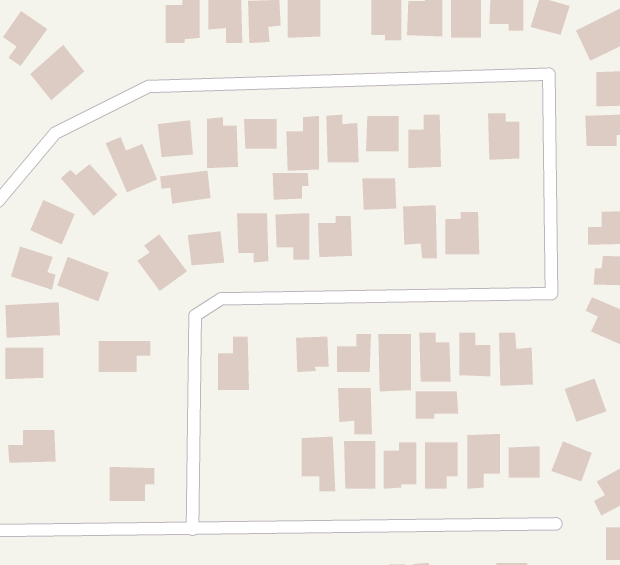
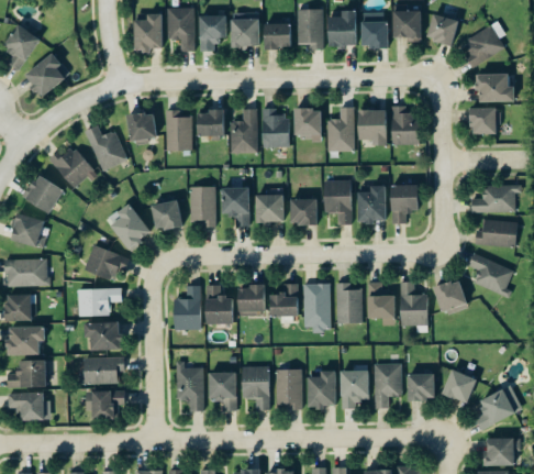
building: none -> [264,23,291,48]
building: none -> [357,110,386,146]
building: [159,170,211,204] -> none
building: [272,172,310,200] -> none
building: [362,178,397,211] -> [289,199,318,225]
building: none -> [390,185,418,224]
building: [56,256,110,302] -> [85,245,127,283]
building: none -> [205,286,233,324]
building: [564,378,607,423] -> [433,279,468,316]
building: none -> [84,322,120,351]
building: none -> [5,327,44,355]
building: [337,387,373,435] -> [208,373,236,411]
building: [415,391,459,420] -> none
building: none -> [82,357,125,385]
building: none -> [176,362,203,411]
building: none -> [8,393,44,421]

